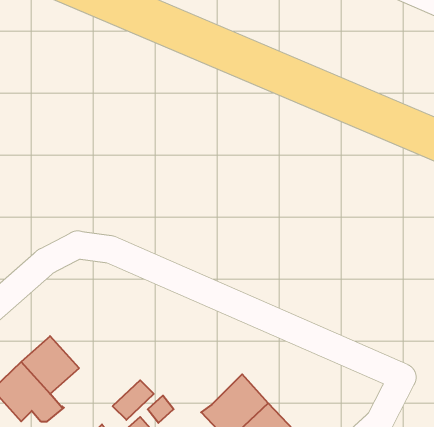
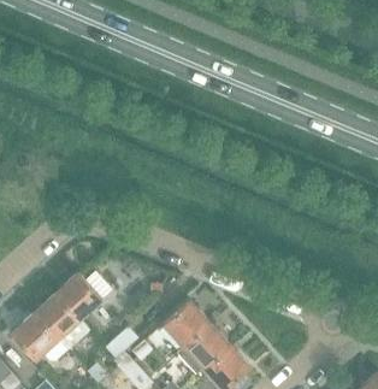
building: none -> [57,272,101,318]
building: none -> [163,300,208,347]

